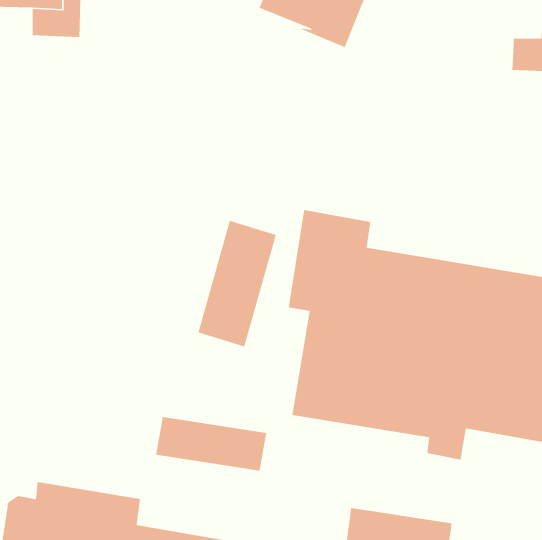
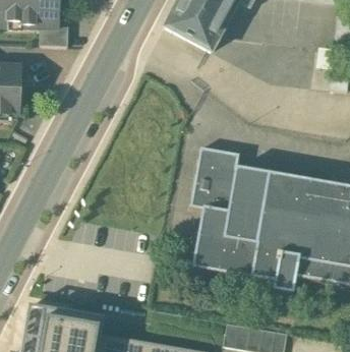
building: [197,220,277,347] -> none
building: [155,416,267,472] -> none

